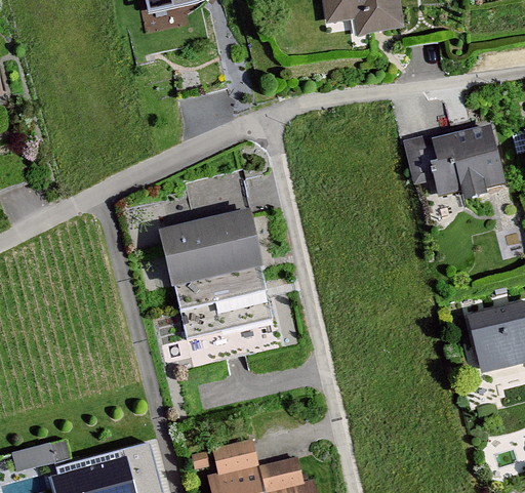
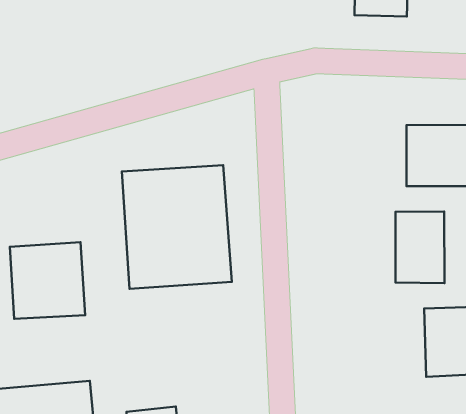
building: none -> [396,212,444,283]
building: none -> [10,242,85,319]

